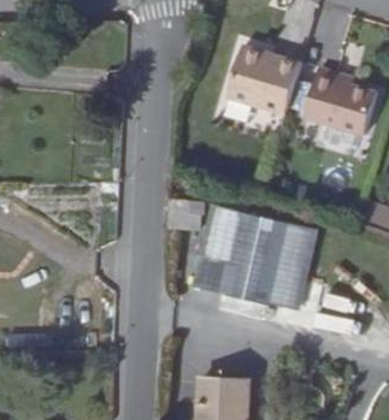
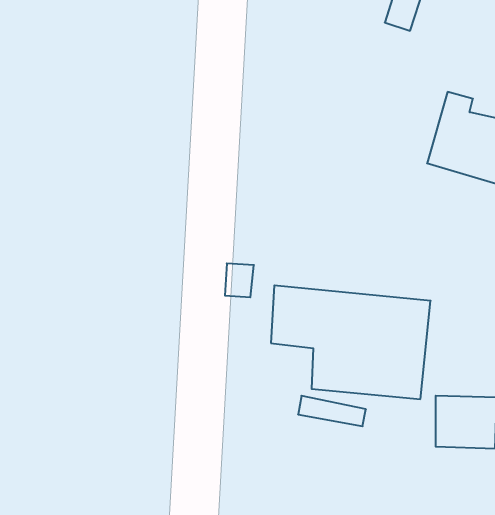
building: [237,54,310,124] -> none

